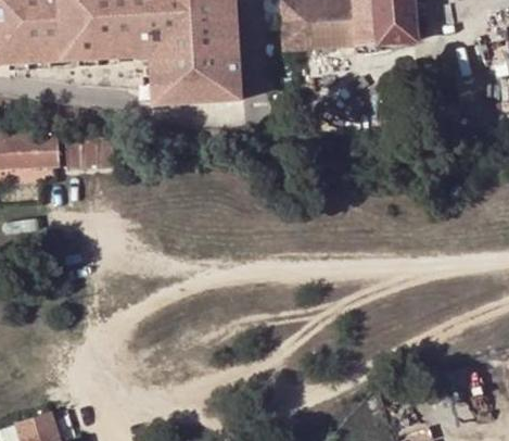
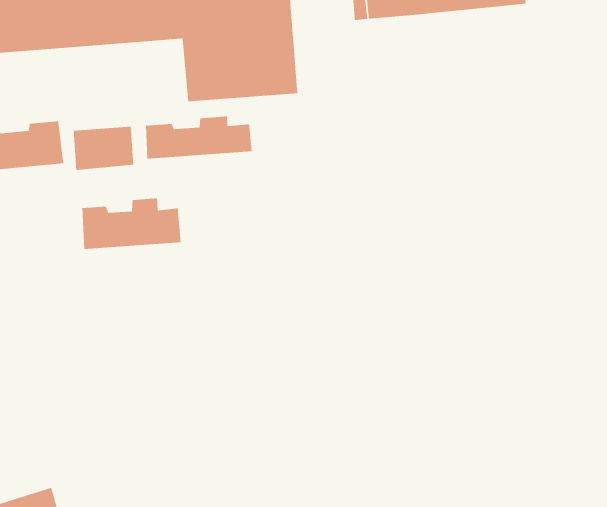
building: none -> [145,116,252,160]
building: none -> [82,198,182,250]

